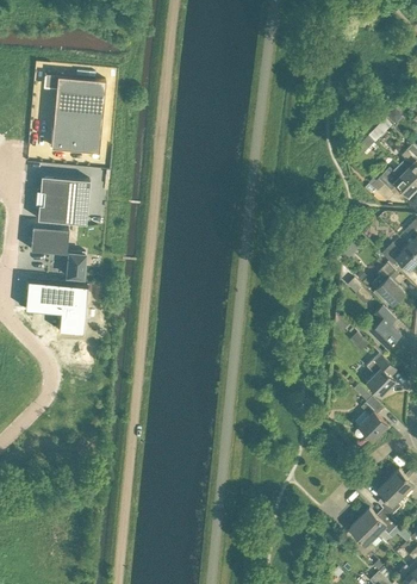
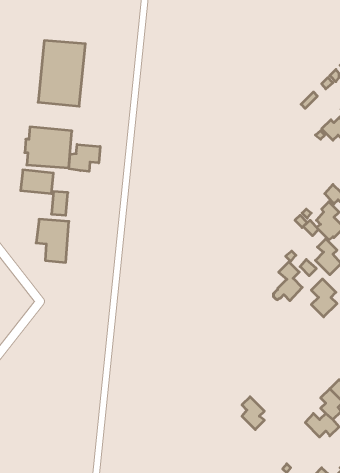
building: none -> [69,144,100,171]
building: [23,281,50,311] -> none
building: [354,396,387,441] -> [273,262,302,301]
building: [349,520,375,558] -> [242,397,264,430]

